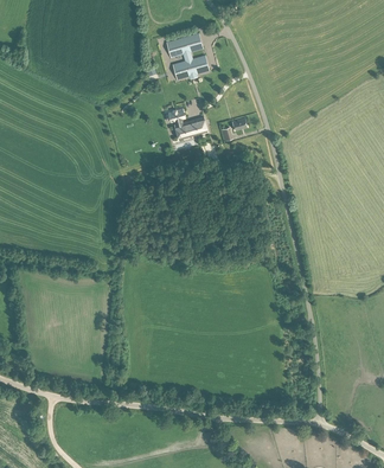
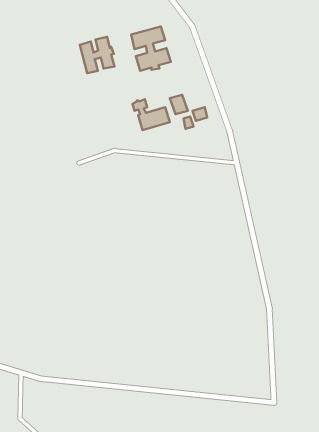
building: none -> [80,37,114,73]

